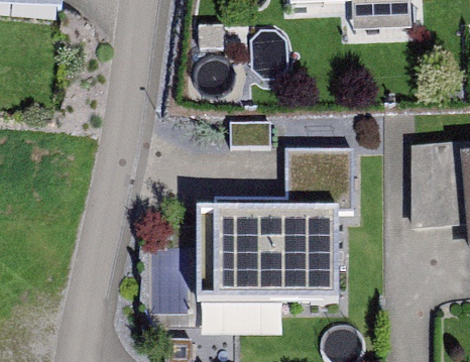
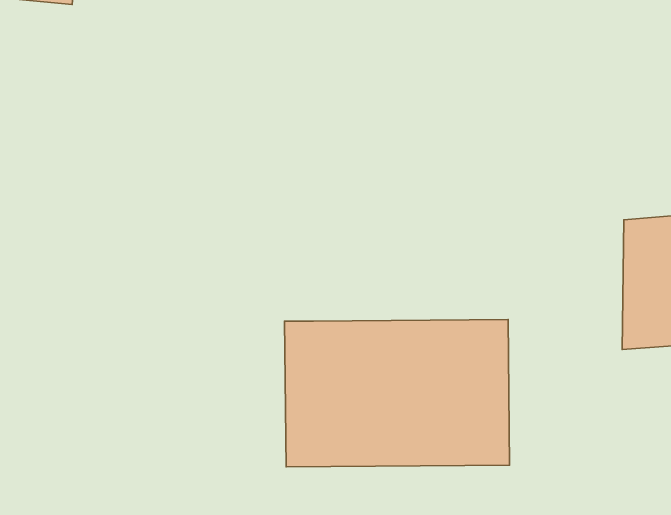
building: [212,147,350,209] -> none

